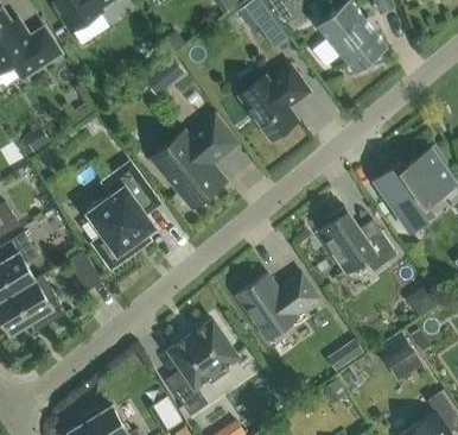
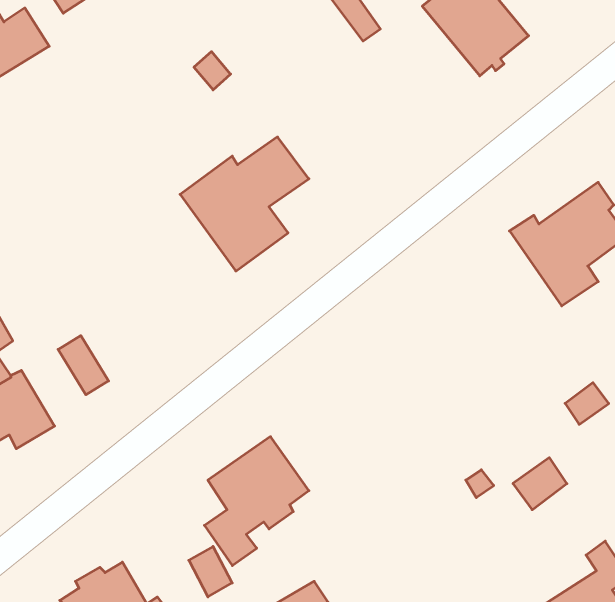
building: [237,63,310,140] -> none
building: [91,164,158,267] -> none
building: [318,207,396,272] -> none
building: [235,272,318,339] -> none

